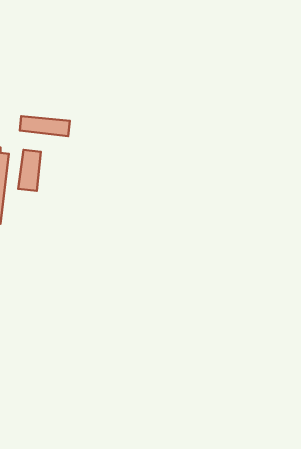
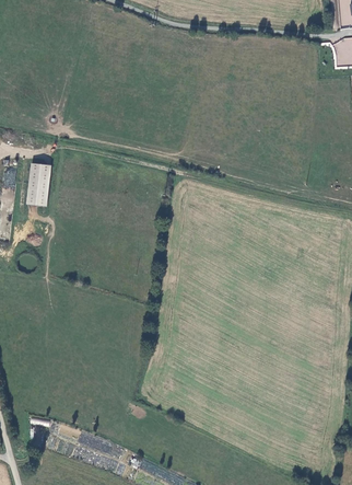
building: [20,116,70,136] -> none

